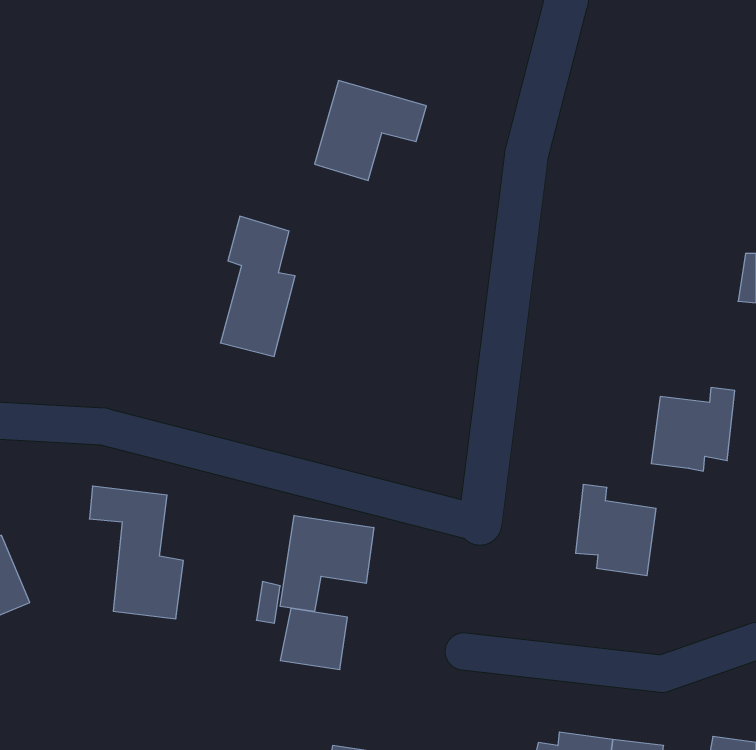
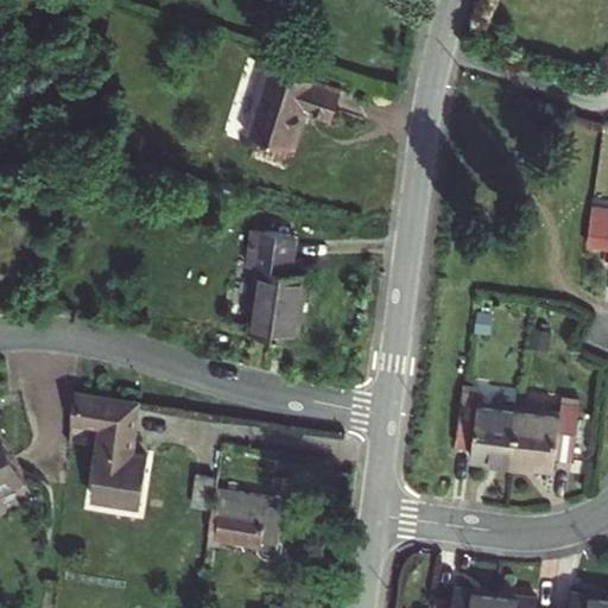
building: [220,216,295,356] -> [234,226,293,337]
building: [651,388,735,471] -> [515,407,582,474]
building: [280,515,374,611] -> none

